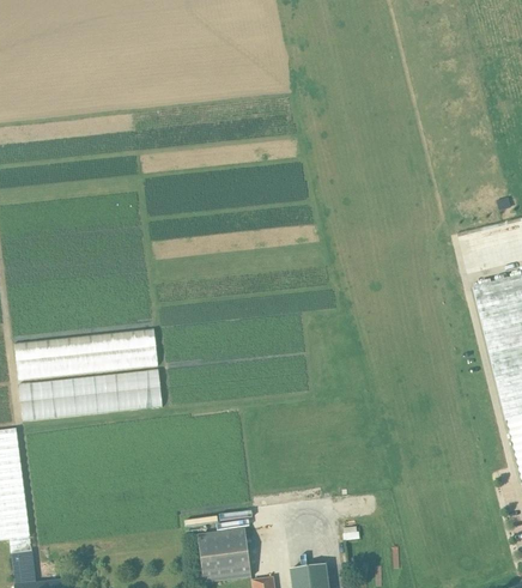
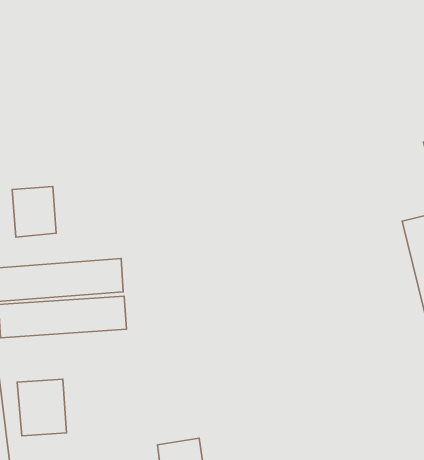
building: none -> [12,186,56,237]
building: none -> [17,379,66,436]

